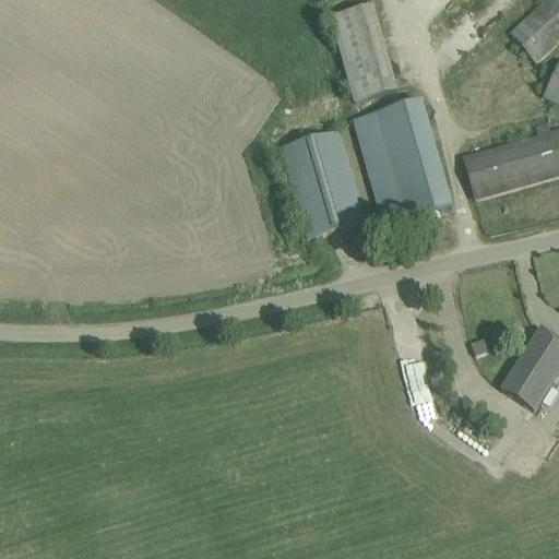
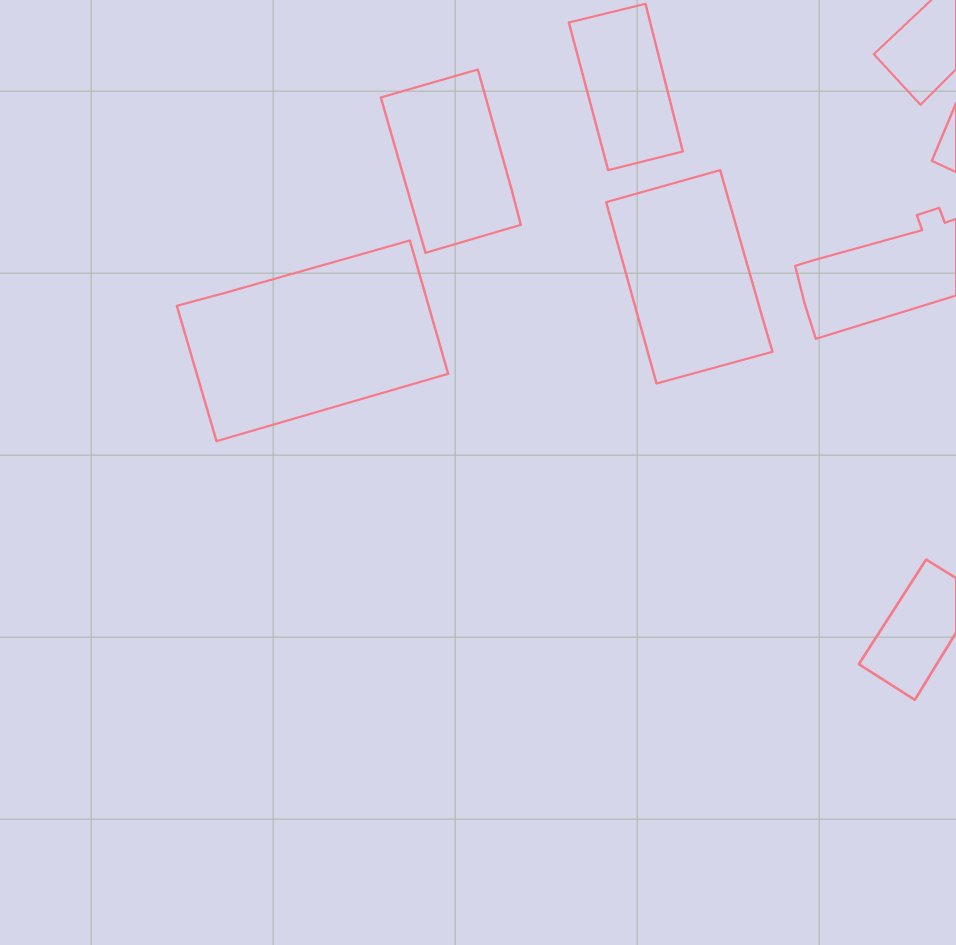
building: [282,130,364,237] -> [381,69,521,253]
building: none -> [177,241,448,441]

